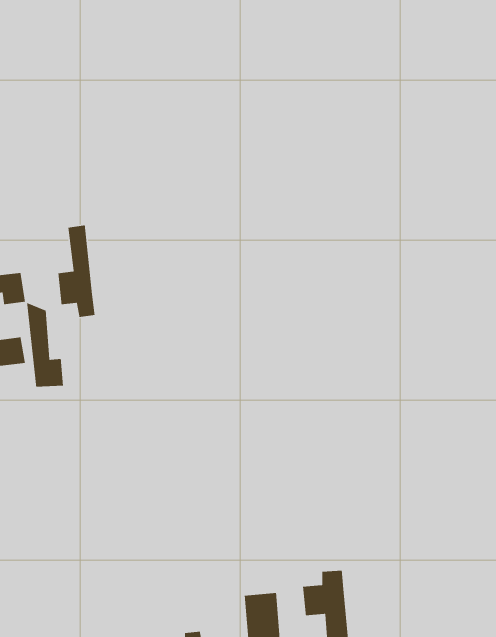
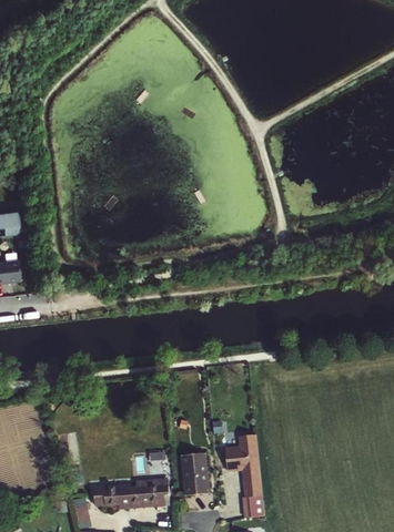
building: [57,225,95,318] -> none
building: [26,302,64,388] -> none

